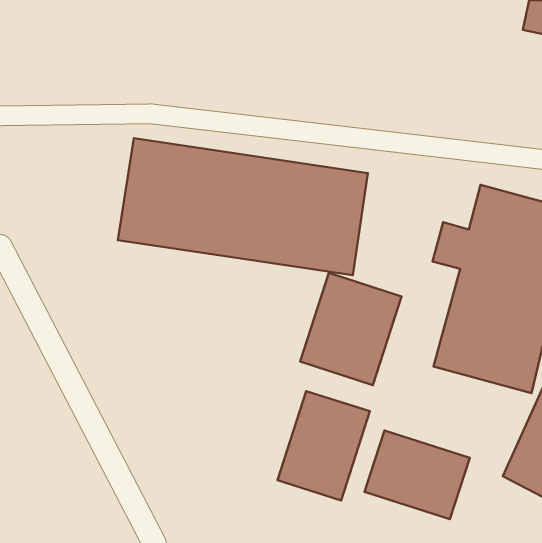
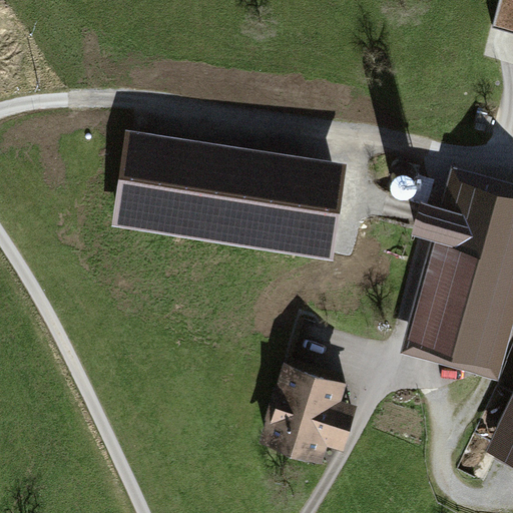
building: [300,273,402,385] -> none
building: [365,430,470,519] -> none

